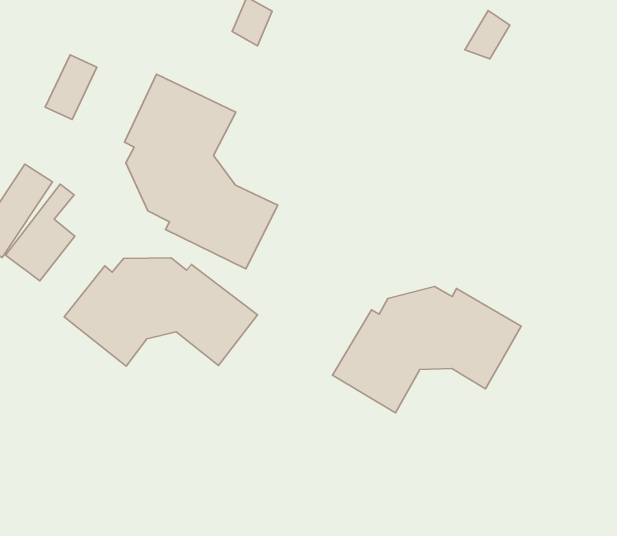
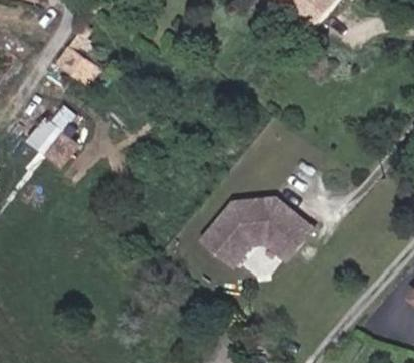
building: [125,74,278,269] -> none
building: [64,258,257,366] -> none

